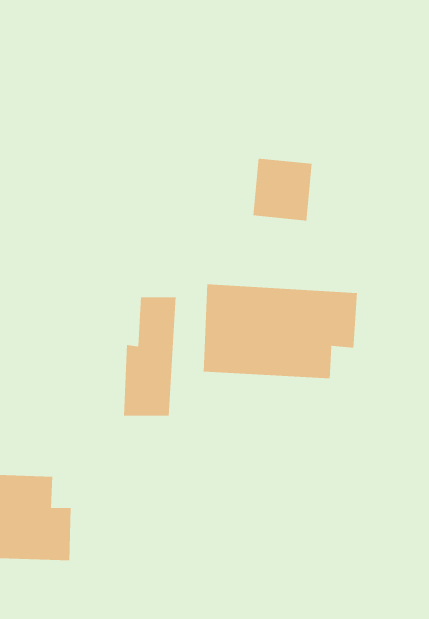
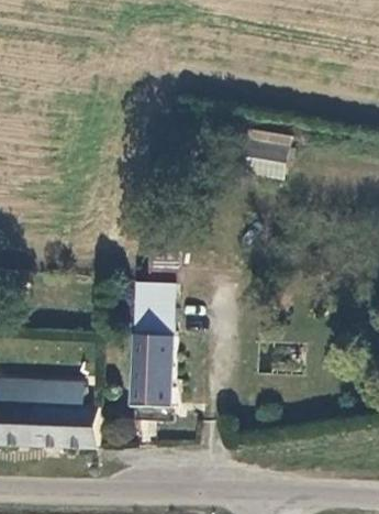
building: [203,283,357,379] -> none
building: none -> [133,333,171,409]

